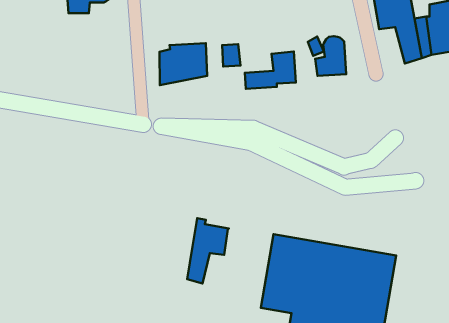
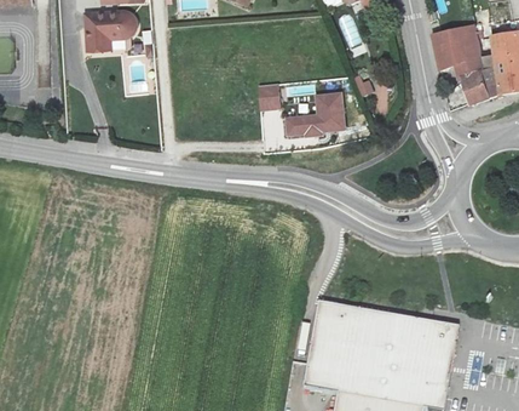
building: [315,36,346,76] -> none
building: [159,43,207,85] -> none
building: [187,218,229,283] -> none

